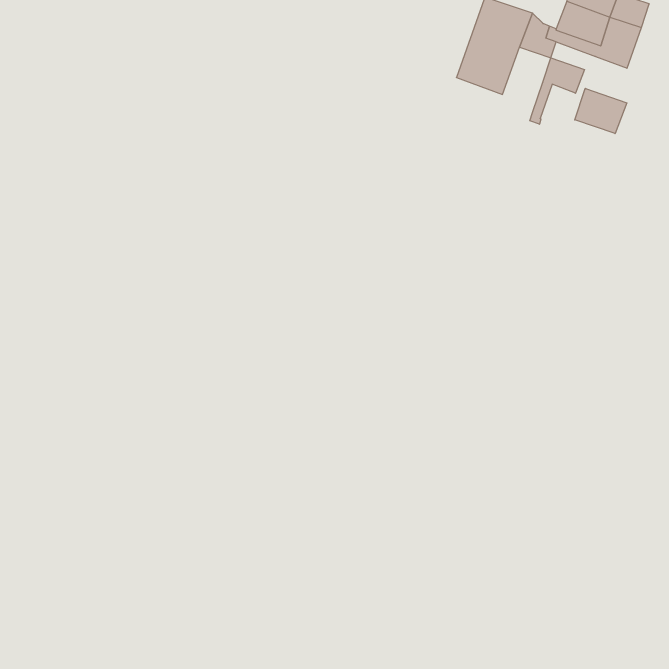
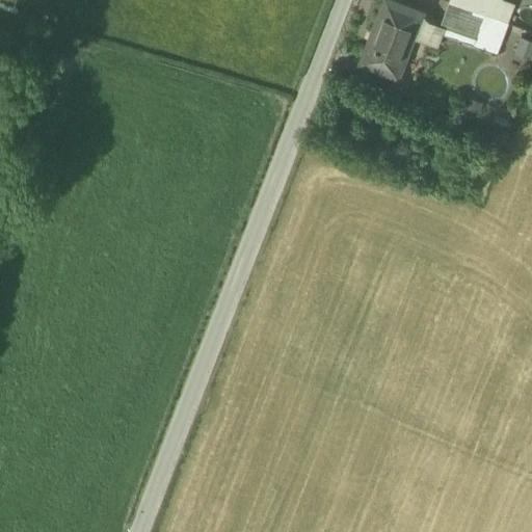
building: [530,58,584,124] -> none
building: [575,88,627,134] -> none

